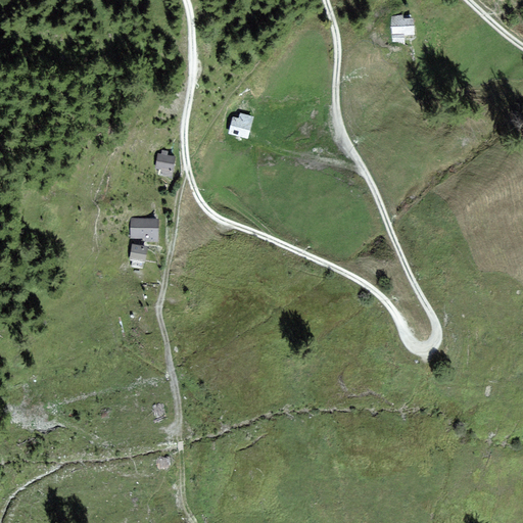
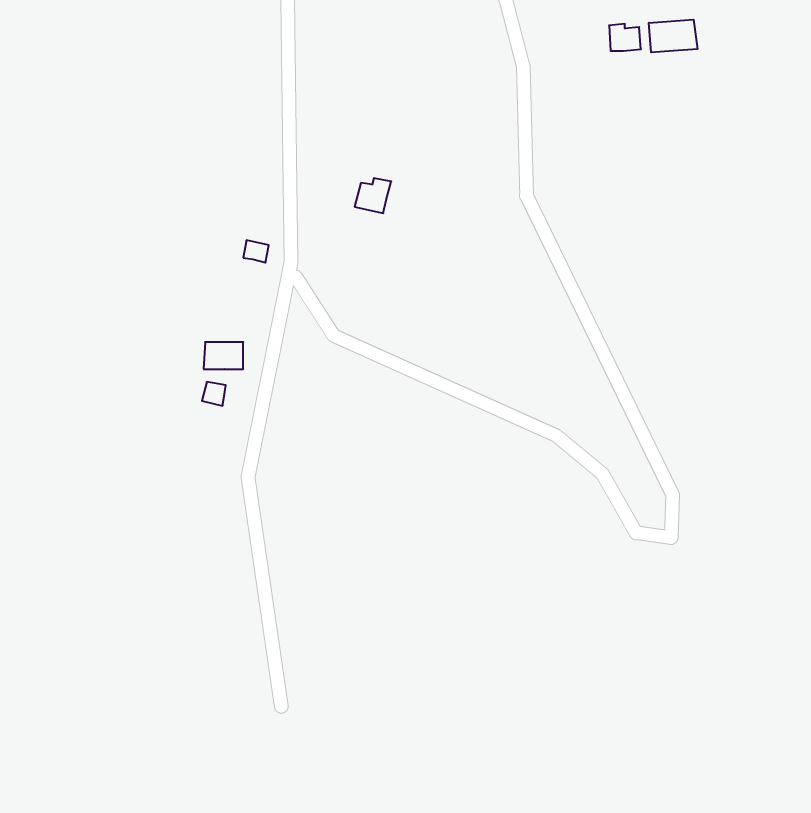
building: none -> [649,20,698,52]

